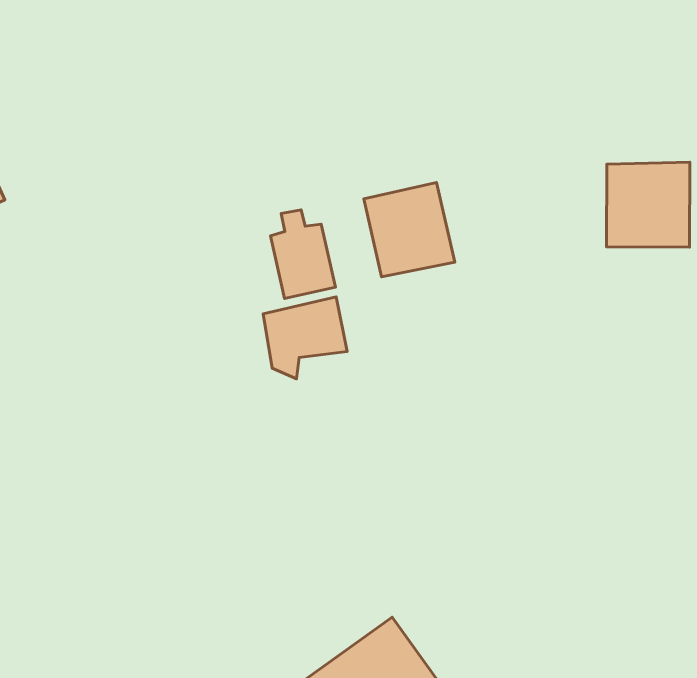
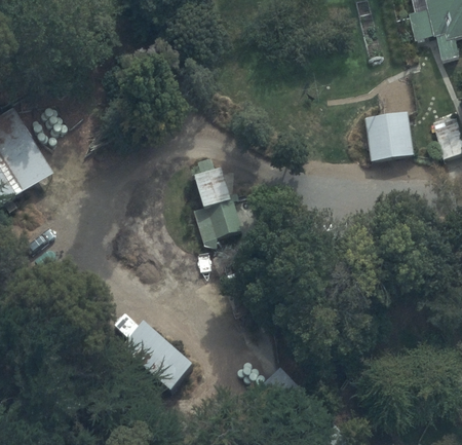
building: [364,183,455,277] -> none
building: none -> [120,320,194,391]

